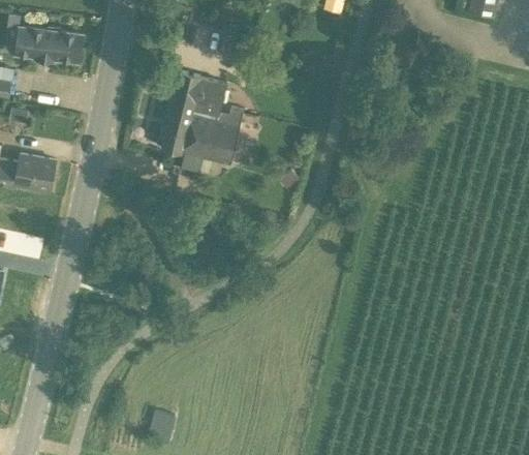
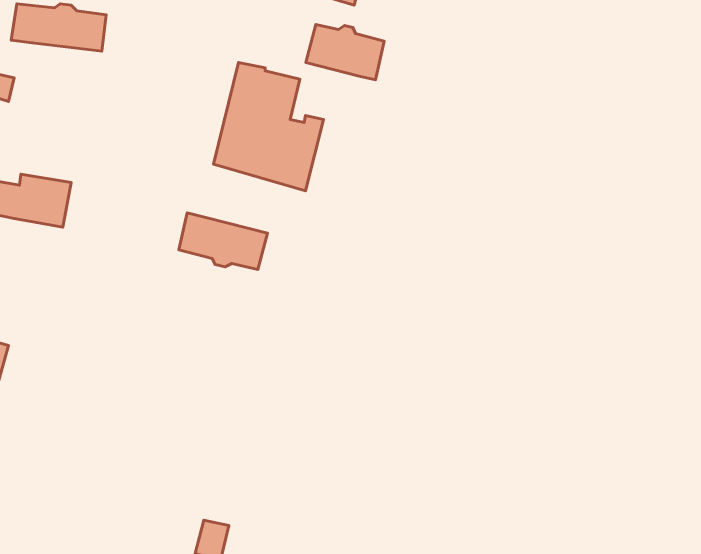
building: none -> [306,24,384,80]
building: none -> [179,213,267,269]

